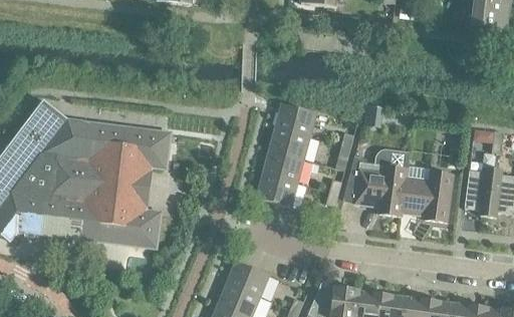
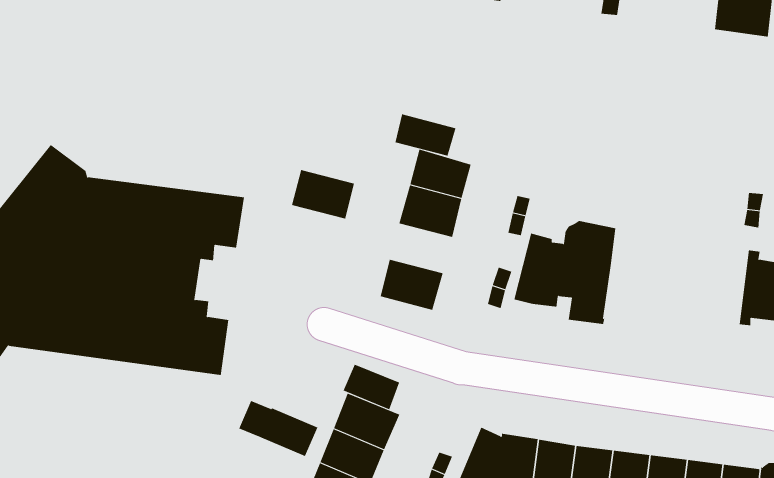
building: none -> [395,113,456,156]
building: [263,149,304,182] -> [291,170,355,219]
building: [465,166,495,215] -> none
building: [402,170,454,221] -> none
building: none -> [343,364,400,410]
building: none -> [239,400,318,457]

